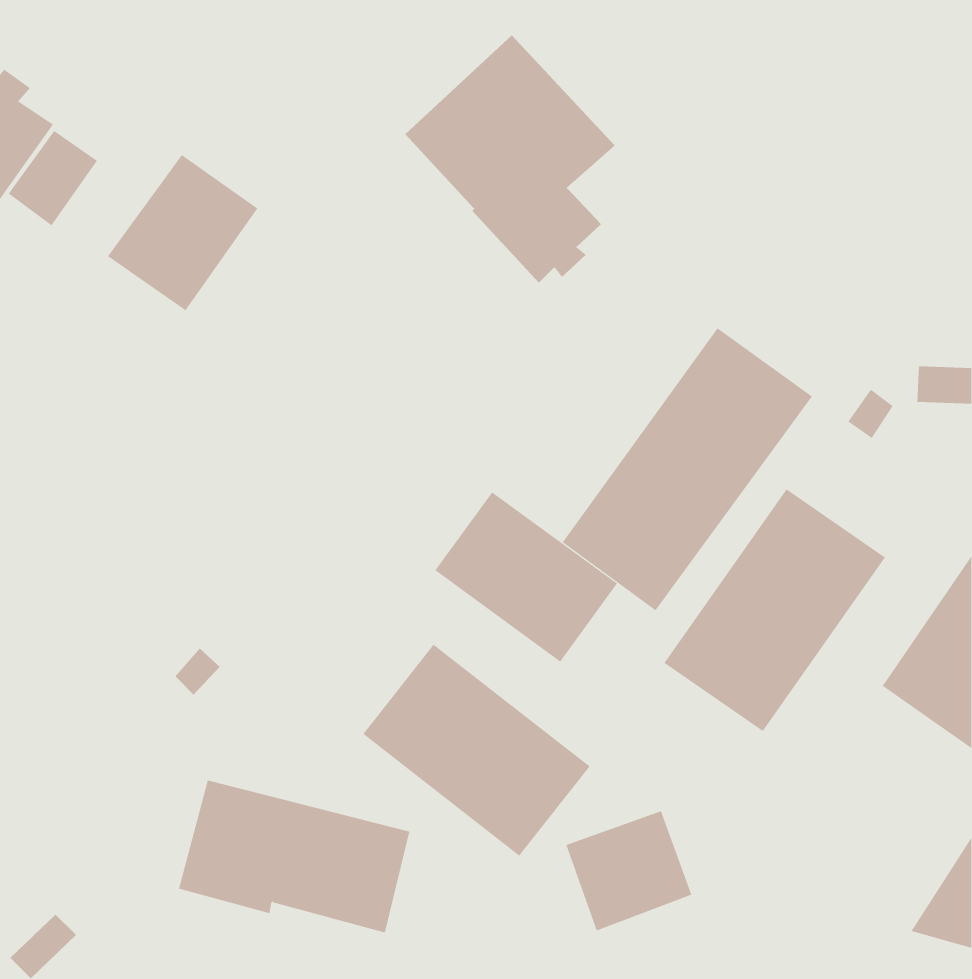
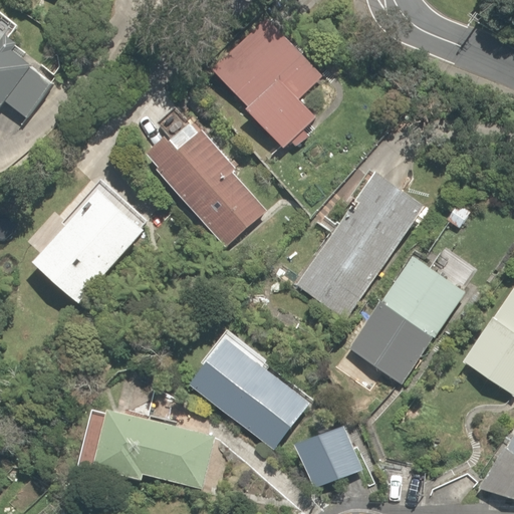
building: [107,154,258,311] -> none
building: none -> [147,105,266,247]
building: none -> [35,191,146,303]
building: [435,491,618,662] -> none

